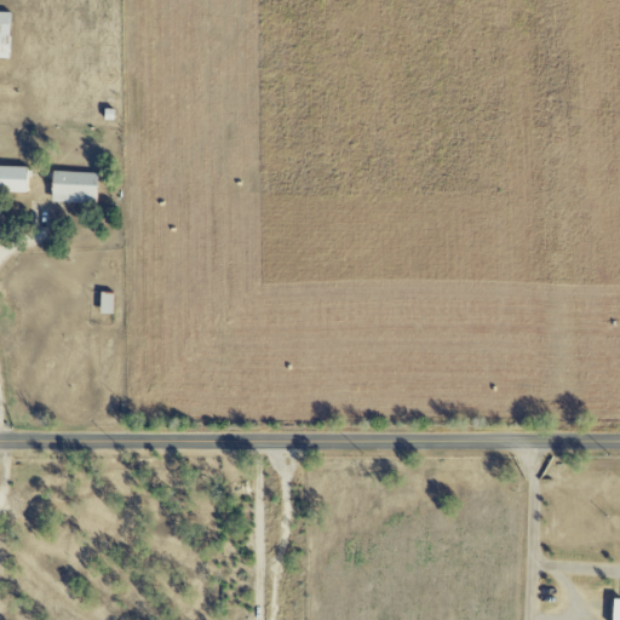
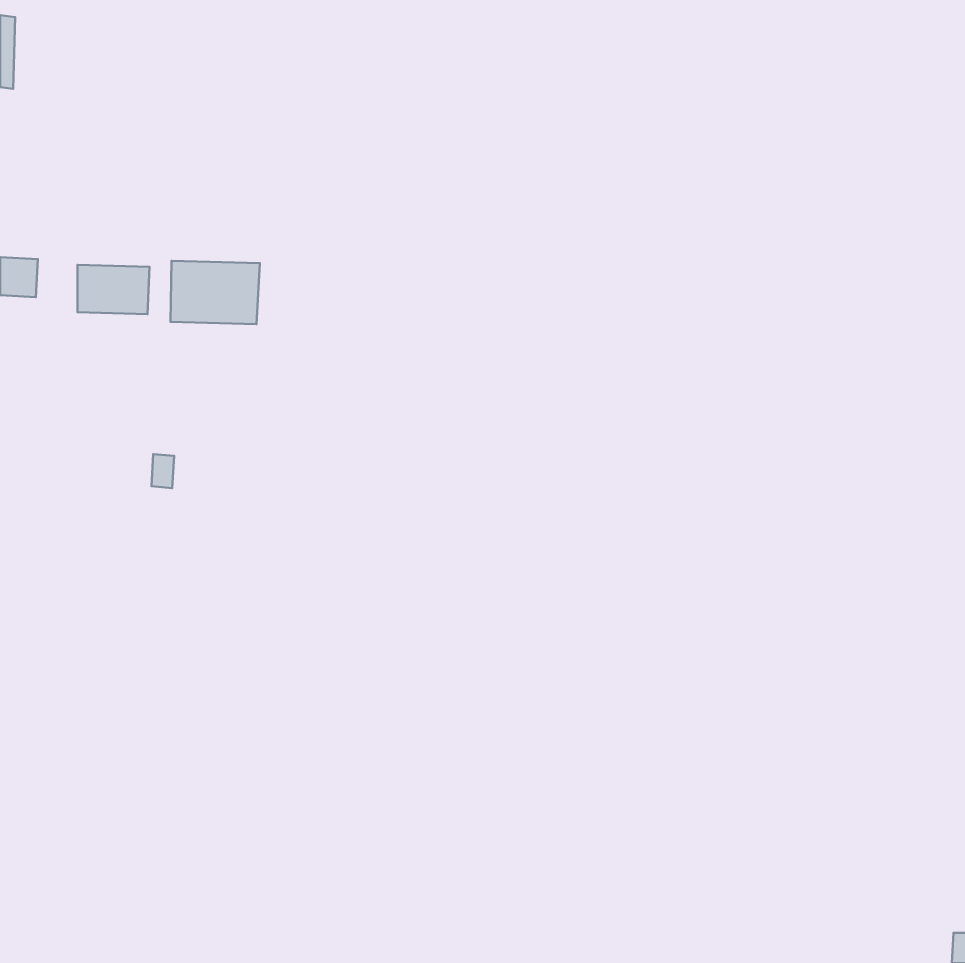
building: none -> [171,261,260,324]

